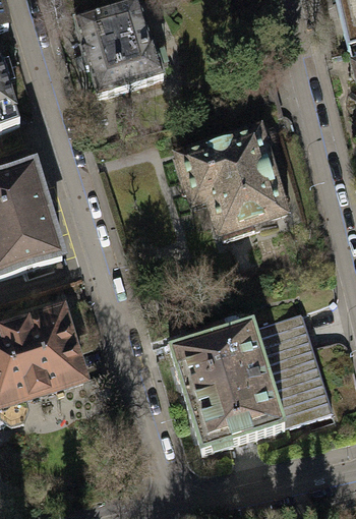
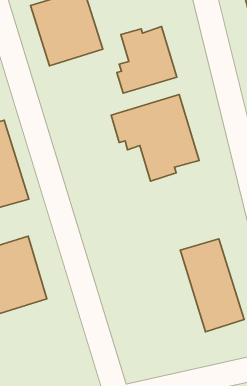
building: none -> [117,27,177,93]
building: [170,322,290,457] -> none

